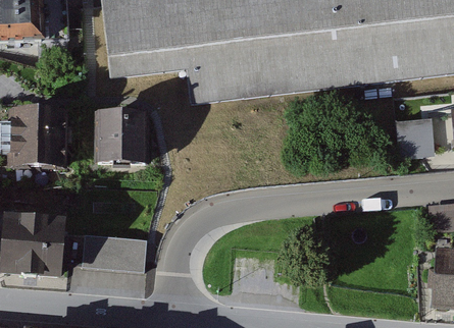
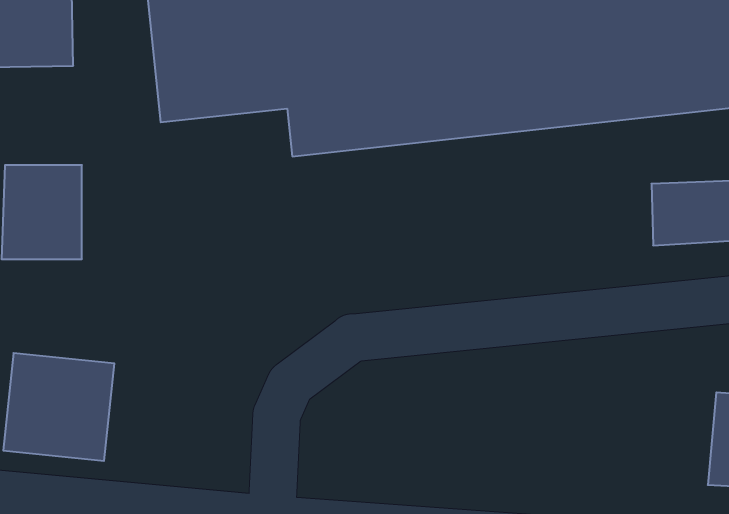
building: [97,110,139,157] -> none
building: [83,234,145,273] -> none

